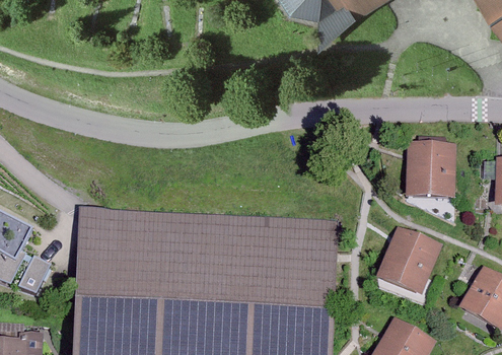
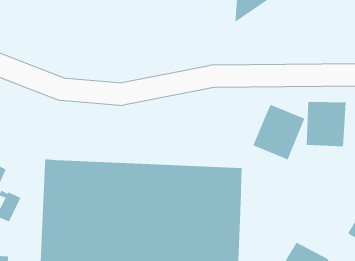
building: [376,224,442,294] -> [252,104,305,160]

